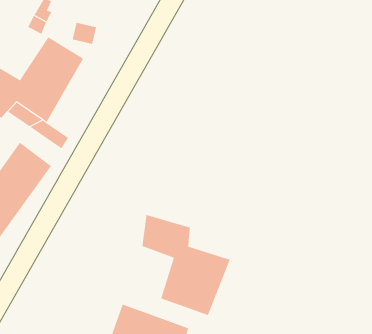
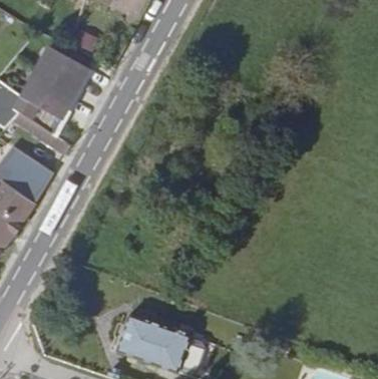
building: [142,214,231,316] -> none

